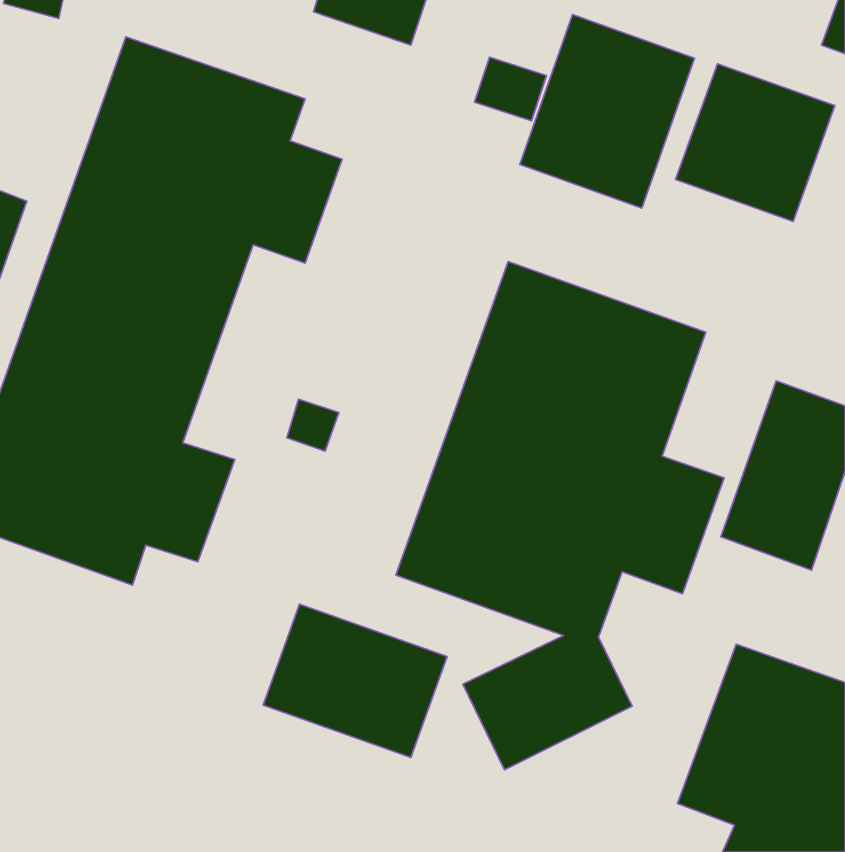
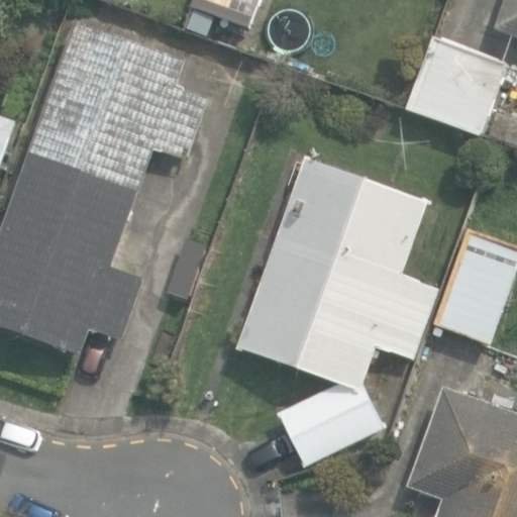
building: [520,15,695,208] -> none
building: [263,604,447,758] -> none

